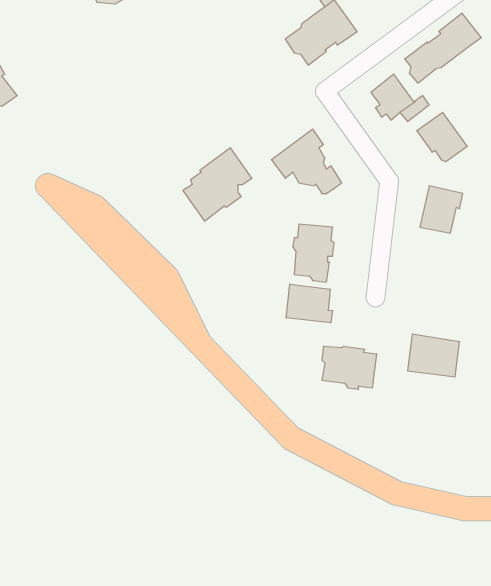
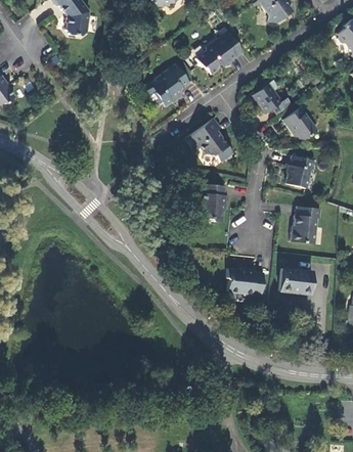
building: [405,13,481,83] -> none
building: [183,148,252,221] -> [144,64,190,114]
building: none -> [288,202,318,240]
building: [286,284,333,323] -> none

